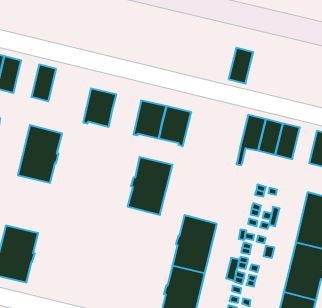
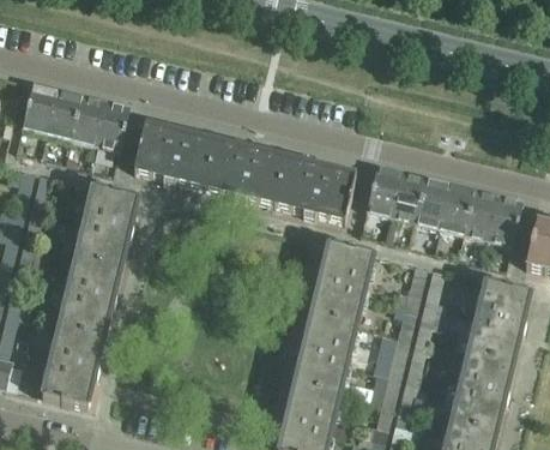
building: [229,48,253,84] -> [365,162,400,212]
building: none -> [69,91,105,143]
building: none -> [133,121,179,179]
building: none -> [204,139,249,196]
building: none -> [308,164,355,218]
building: none -> [463,186,497,236]
building: [128,157,173,215] -> [310,240,374,322]
building: none -> [59,253,121,335]

